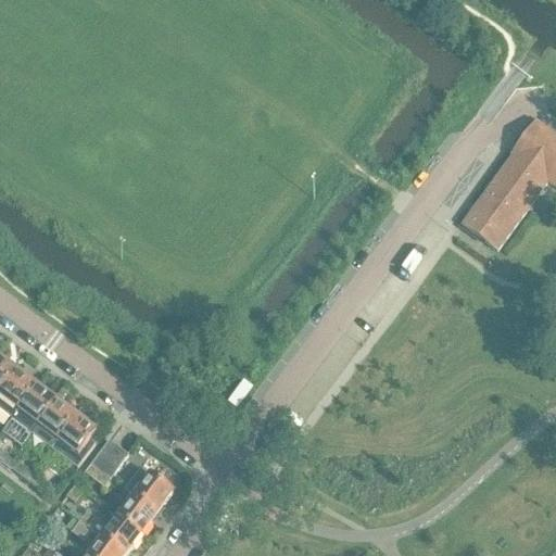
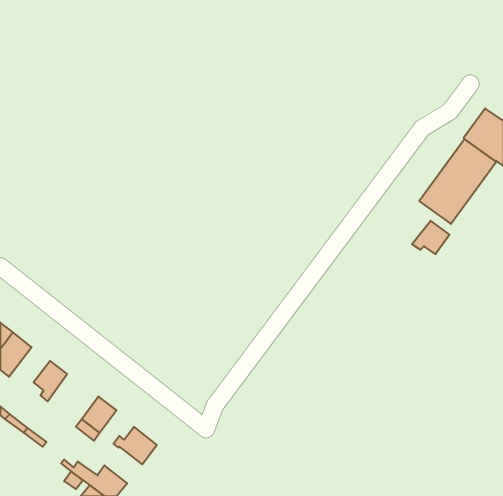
building: none -> [412,221,450,254]
building: [11,382,56,430] -> none
building: [51,412,97,465] -> none
building: [116,492,157,532] -> none

